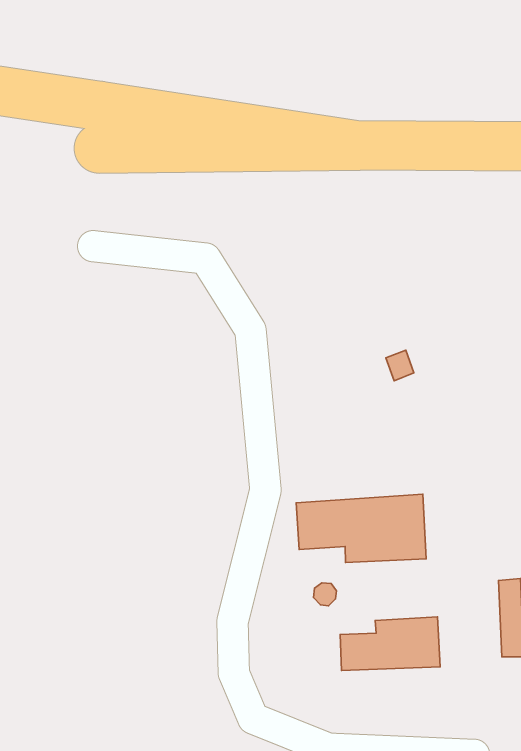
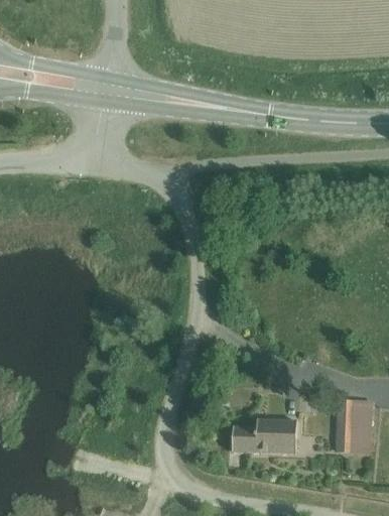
building: [296,494,426,563] -> none

